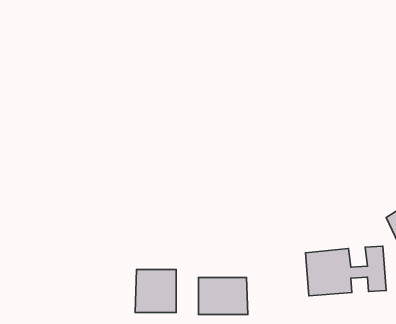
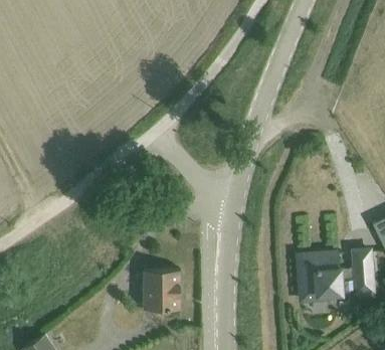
building: [198,278,248,314] -> none

